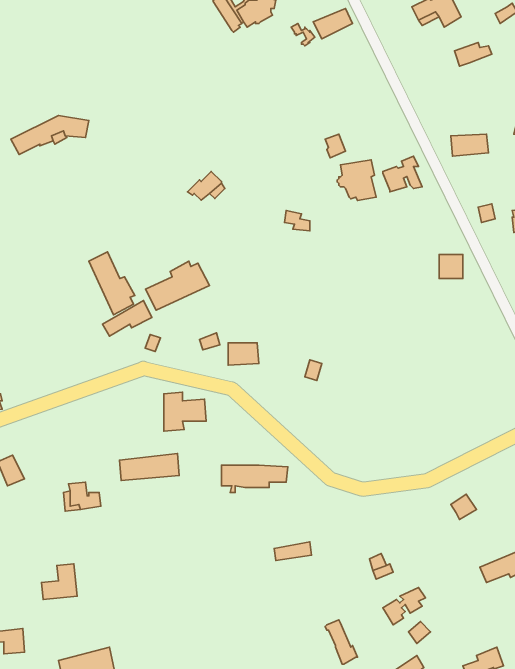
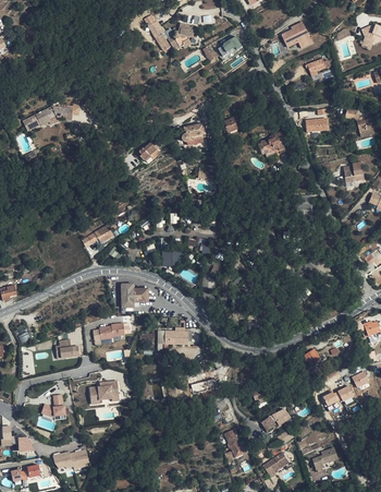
building: [337,160,376,201] -> [182,123,207,149]
building: [89,252,135,315] -> none
building: [146,261,210,310] -> none
building: none -> [89,380,120,404]

